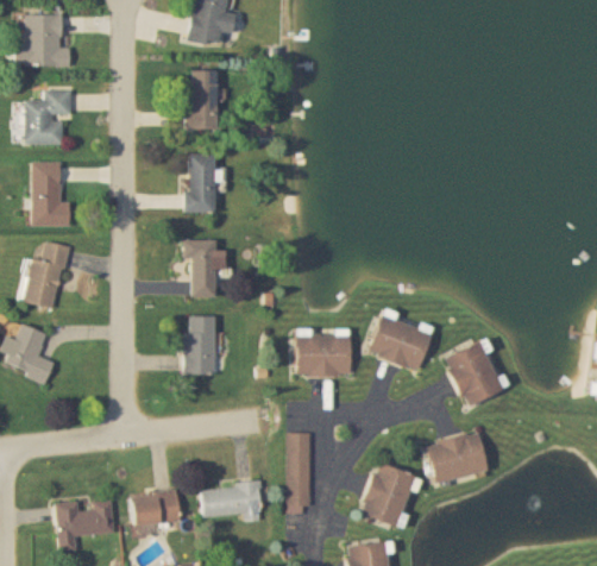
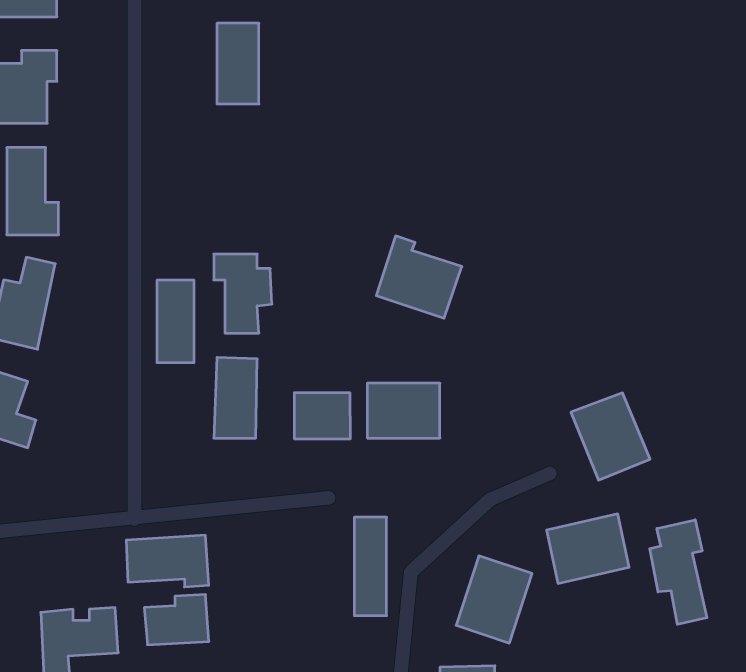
building: [187,152,214,213] -> [157,280,194,363]
building: [369,310,432,371] -> [376,236,462,318]
building: none -> [294,393,350,439]
building: none -> [650,520,707,624]
building: [201,484,262,522] -> [126,535,209,587]

